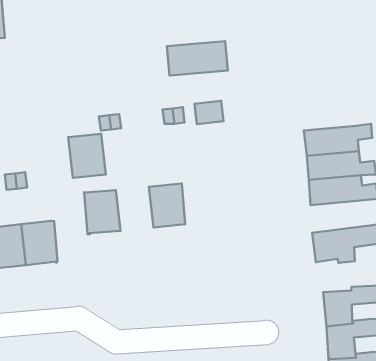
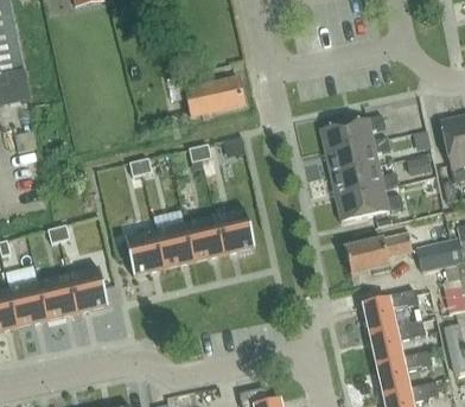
building: none -> [320,115,386,151]
building: [68,134,106,178] -> [154,223,195,268]
building: none -> [216,208,255,254]

